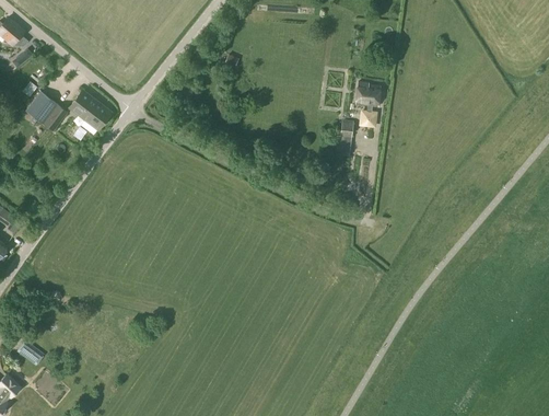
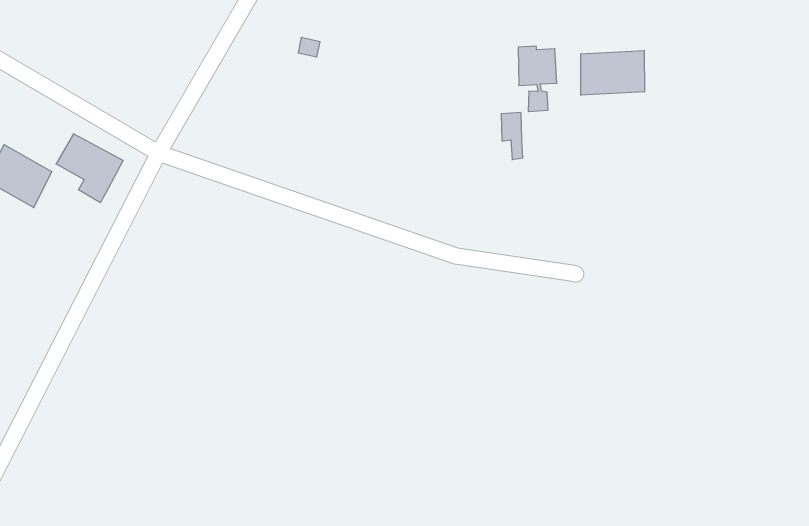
building: none -> [581,50,644,95]

